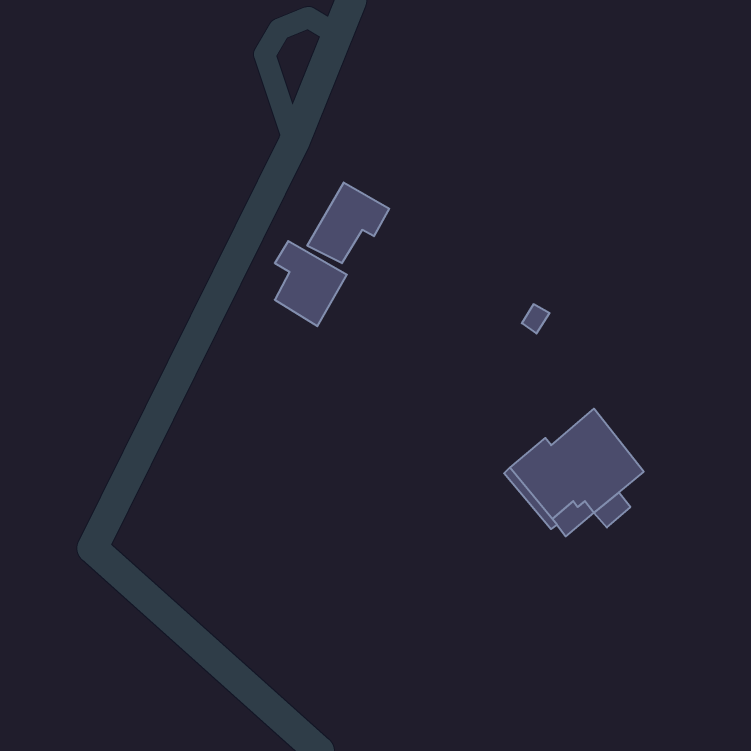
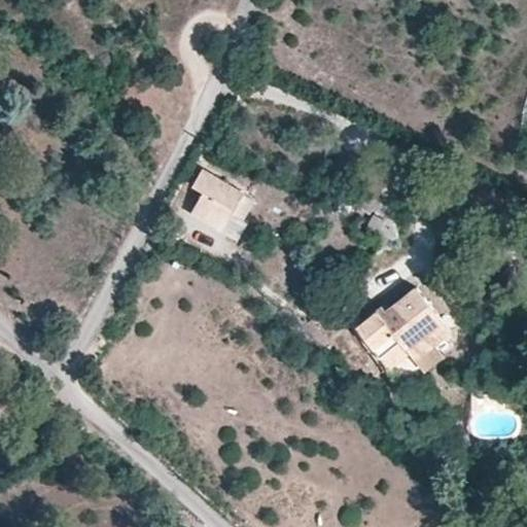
building: [307,182,389,263] -> none

